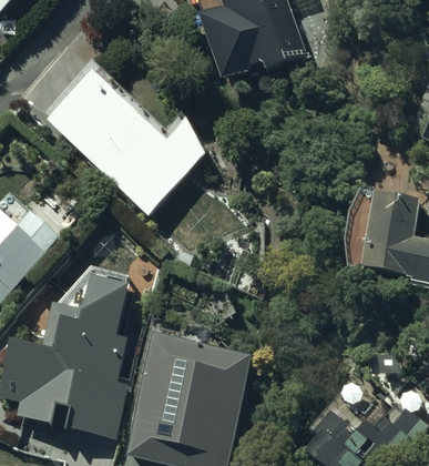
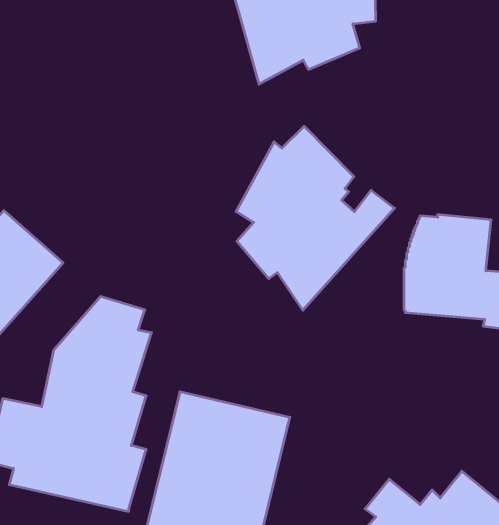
building: [45,72,204,214] -> none
building: none -> [236,126,395,310]

